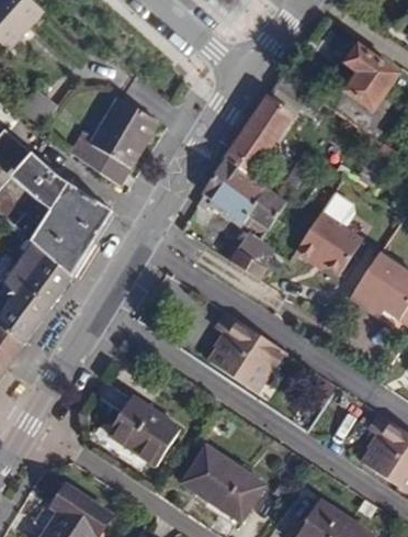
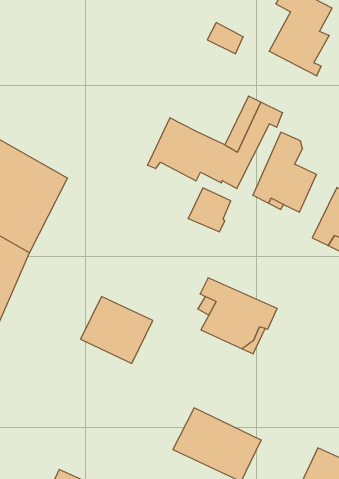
building: [69,92,161,188] -> none
building: [225,99,291,177] -> none
building: [109,396,181,466] -> [81,296,153,363]

